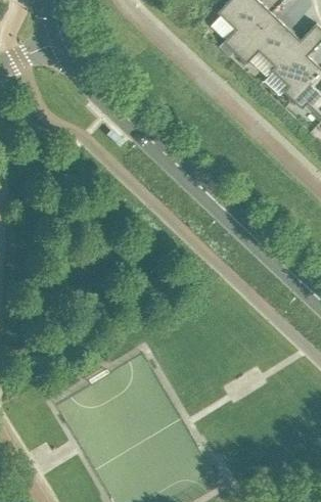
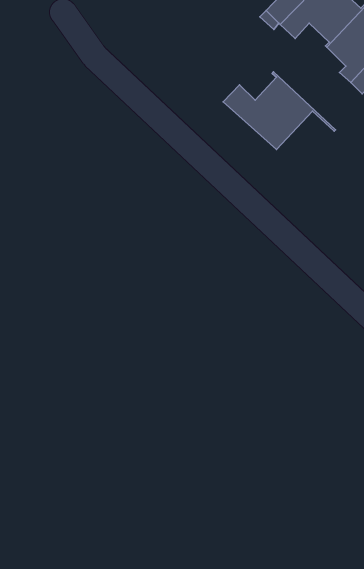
building: none -> [223,72,336,149]

